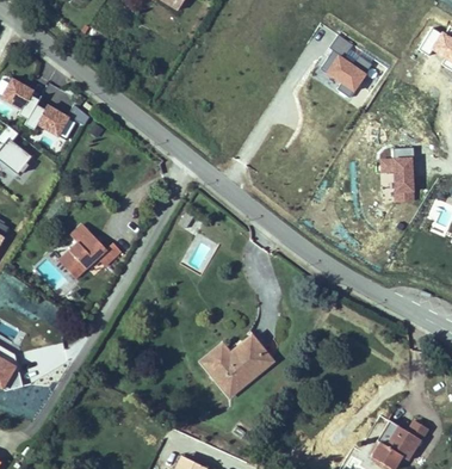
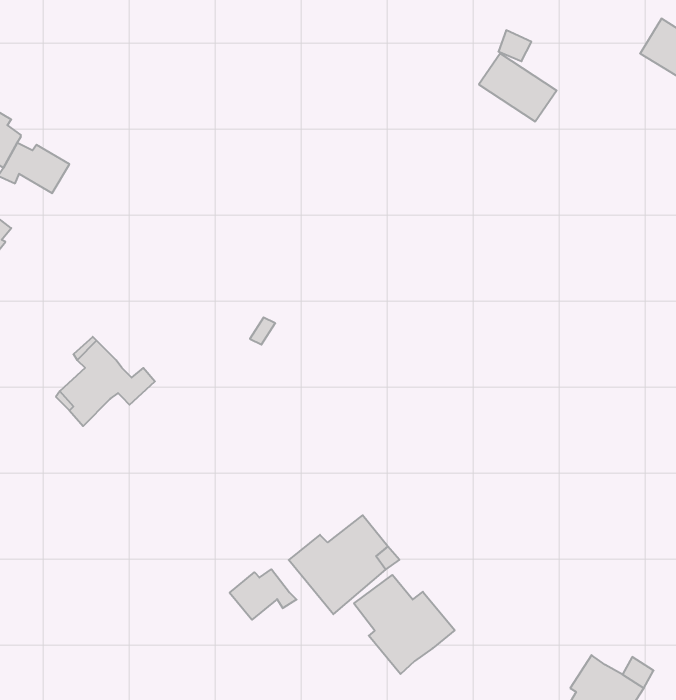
building: [382,148,415,202] -> none
building: none -> [230,569,297,620]
building: none -> [354,575,455,674]

